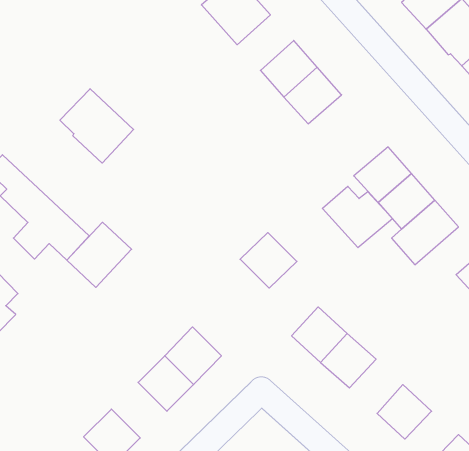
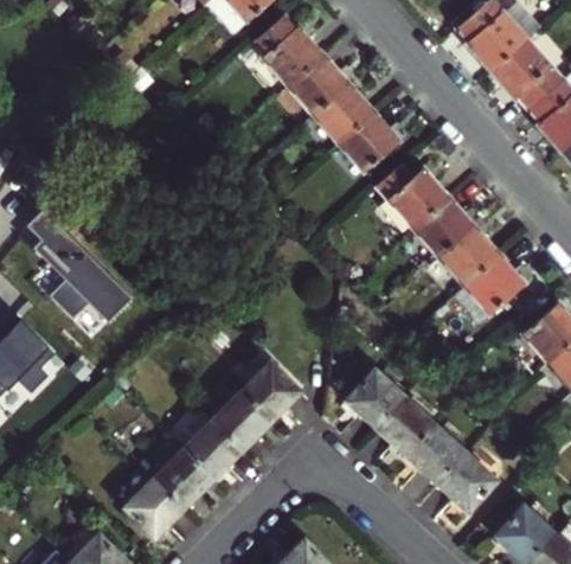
building: none -> [288,56,348,115]
building: [60,89,134,163] -> none
building: [322,186,392,248] -> [374,162,449,227]
building: [67,222,132,287] -> none
building: [240,233,297,288] -> [240,360,301,419]
building: none -> [408,423,464,481]
building: none -> [154,448,213,507]

